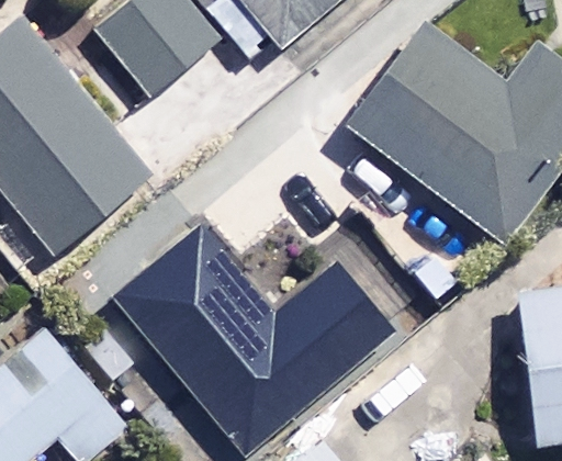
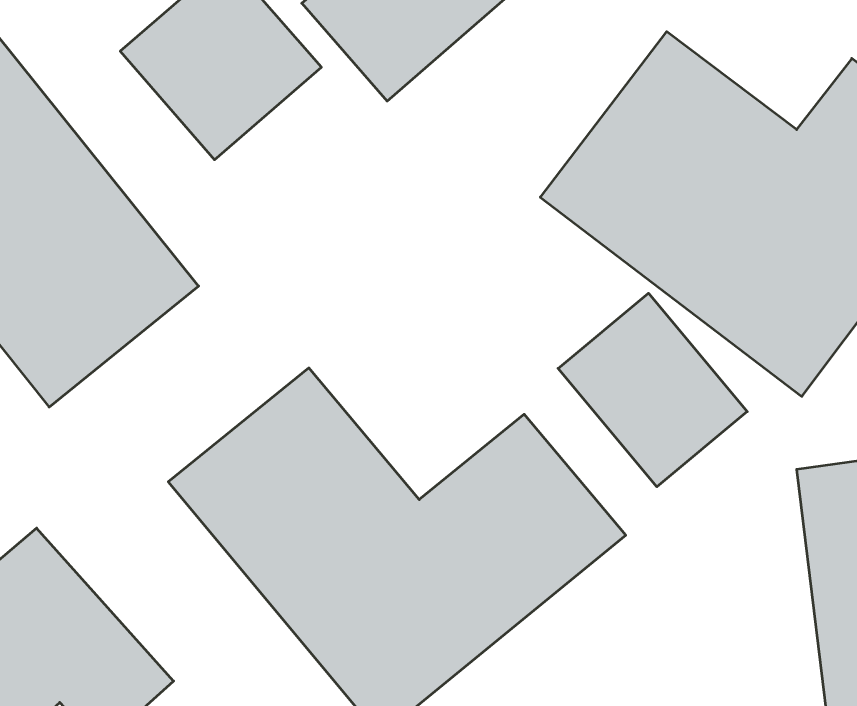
building: none -> [558,293,747,487]

